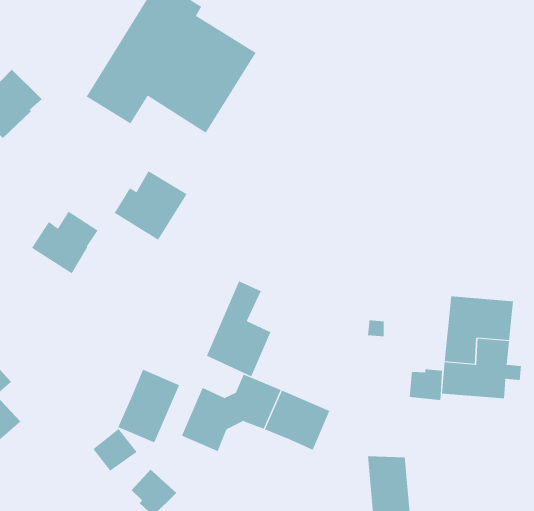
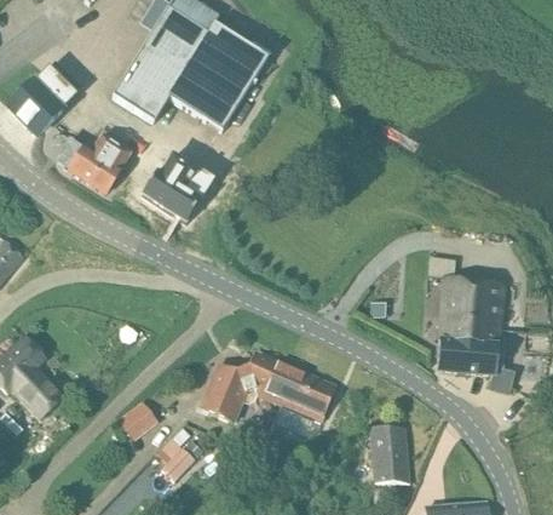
building: [31,211,99,274] -> [69,135,131,193]
building: [206,280,271,377] -> none
building: [409,369,443,401] -> none
building: [118,369,180,443] -> none

